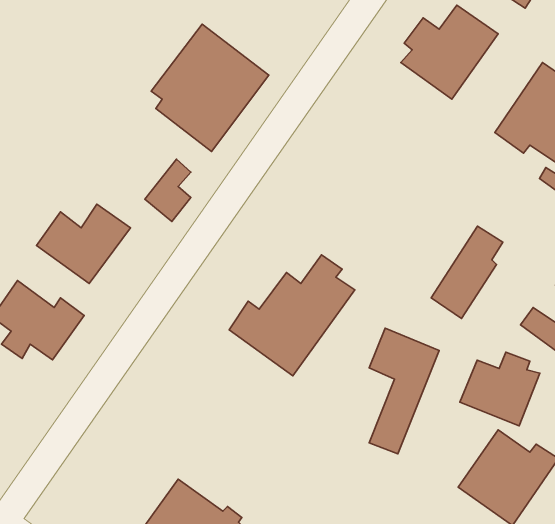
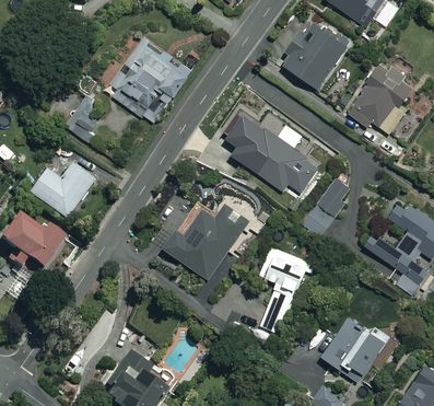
building: none -> [227,115,318,192]
building: [145,159,191,221] -> [64,96,96,139]
building: [460,352,540,426] -> none

